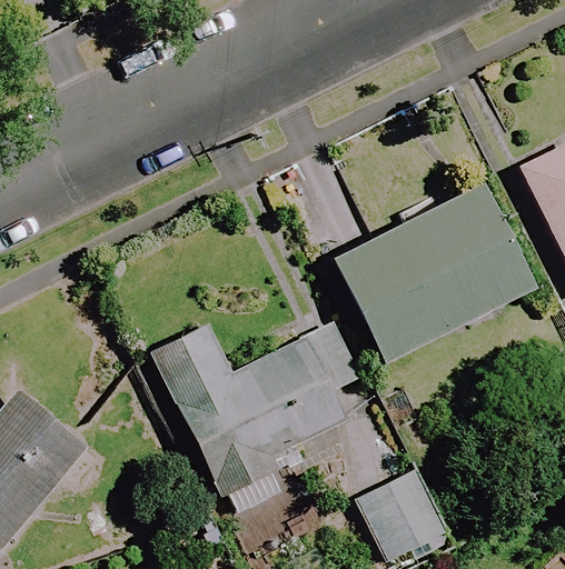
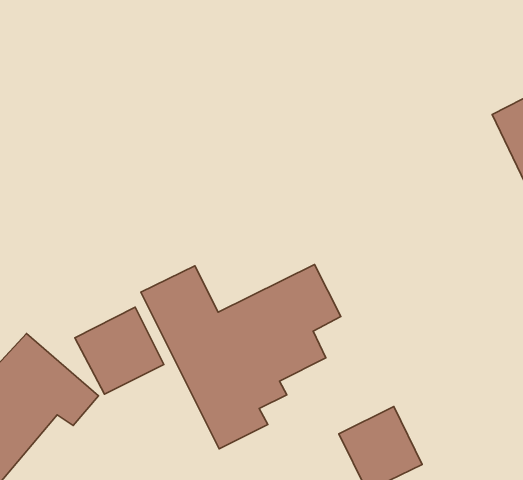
building: [333,186,534,362] -> none
building: none -> [75,307,164,394]

